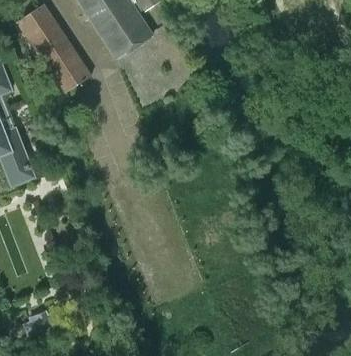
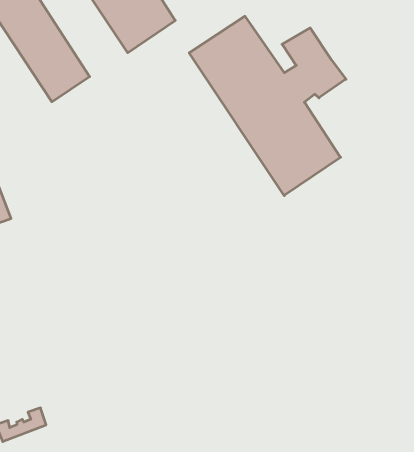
building: none -> [189,16,346,196]

